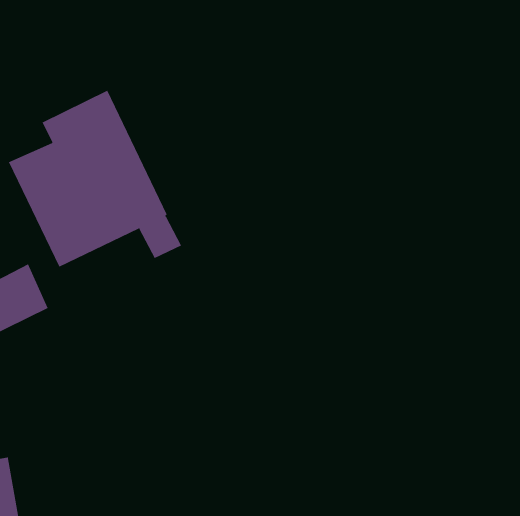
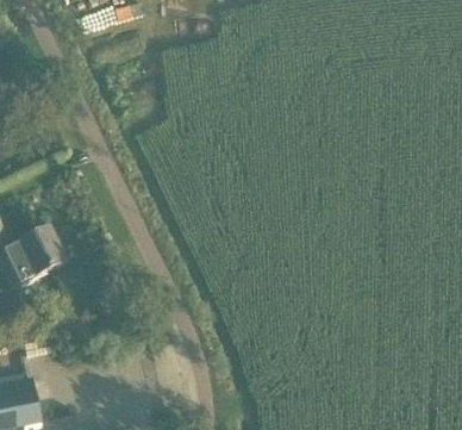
building: [8,90,182,267] -> none

